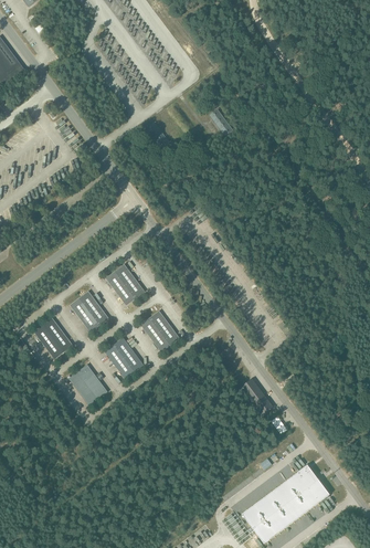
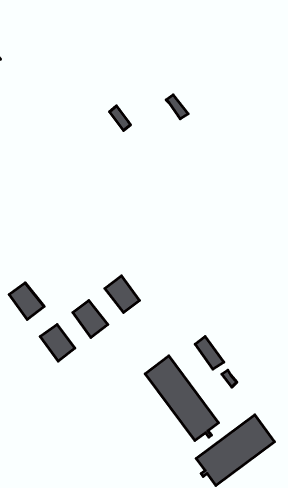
building: [106,263,145,304] -> none
building: [70,291,108,331] -> none
building: none -> [145,356,219,441]

